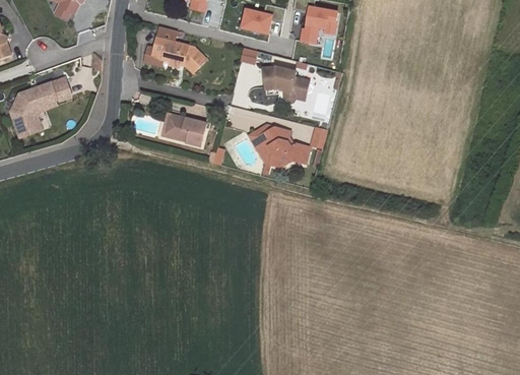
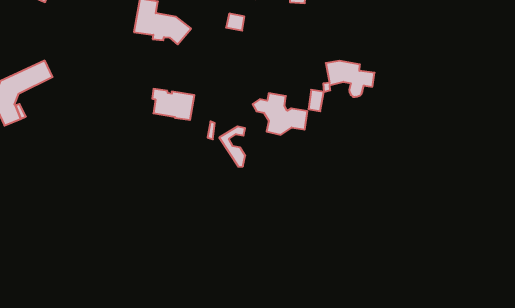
building: [257,66,307,102] -> [323,61,375,97]
building: [249,124,274,163] -> [219,127,245,167]

